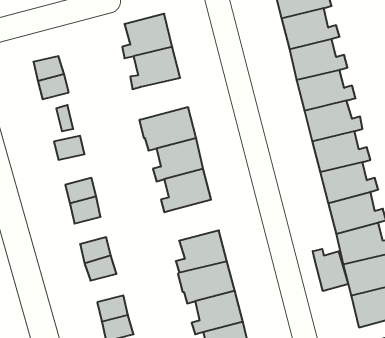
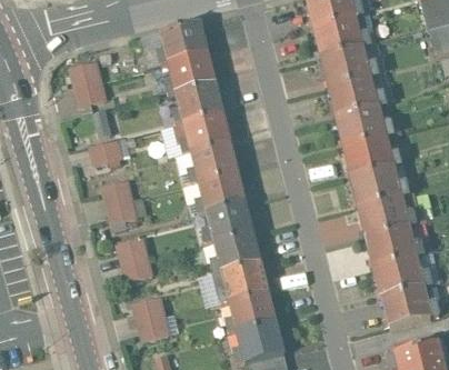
building: none -> [172,84,222,126]
building: none -> [203,203,252,244]
building: [313,249,348,291] -> none

